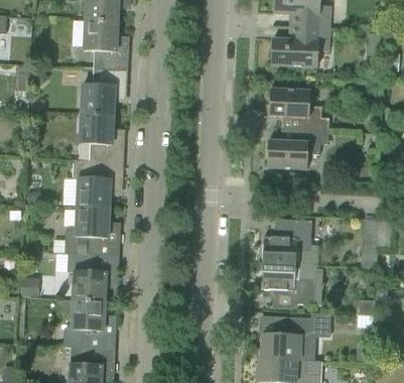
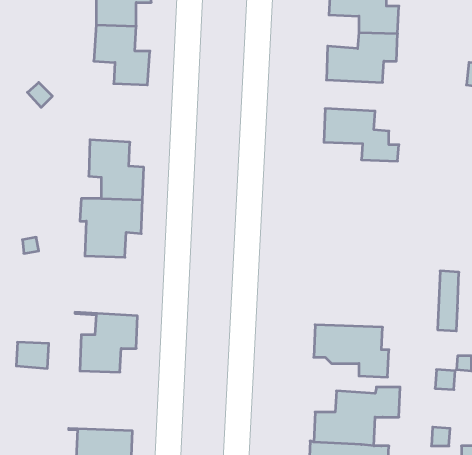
building: [80,68,126,115] -> none
building: [266,129,327,168] -> none
building: [63,207,119,255] -> none
building: [261,218,315,264] -> none
building: [62,299,115,348] -> none

